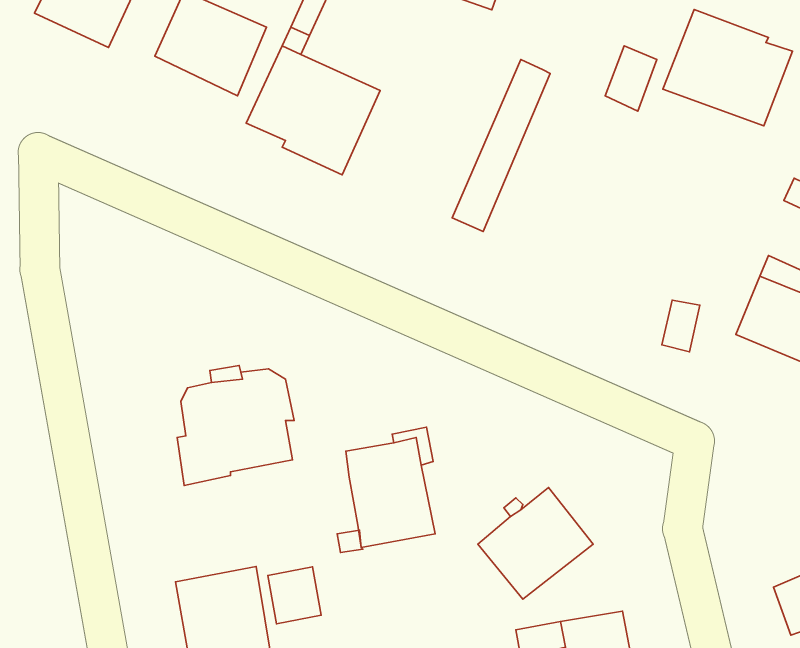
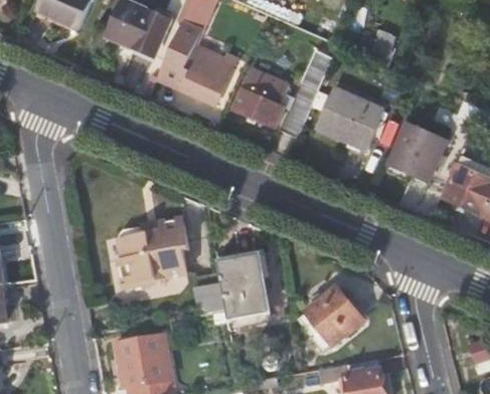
building: [663,9,793,126] -> none
building: none -> [232,68,291,129]
building: none -> [317,86,385,149]
building: none -> [387,121,449,181]
building: [268,567,321,624] -> [192,281,223,315]

